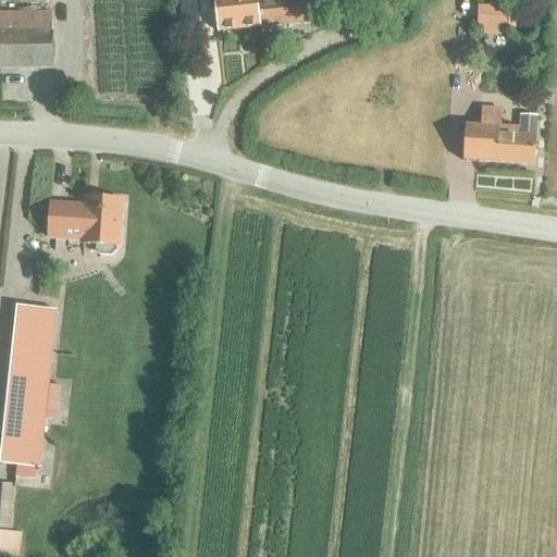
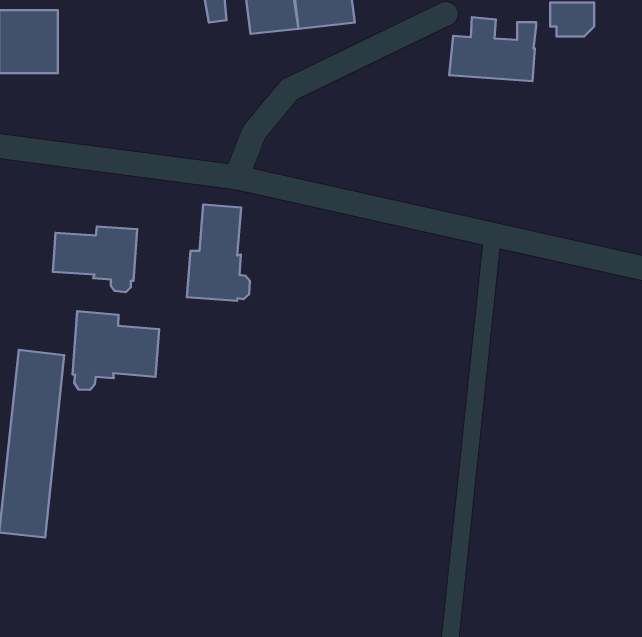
building: [461,107,536,162] -> [449,17,536,81]
building: none -> [187,204,250,301]
building: none -> [73,311,159,390]

